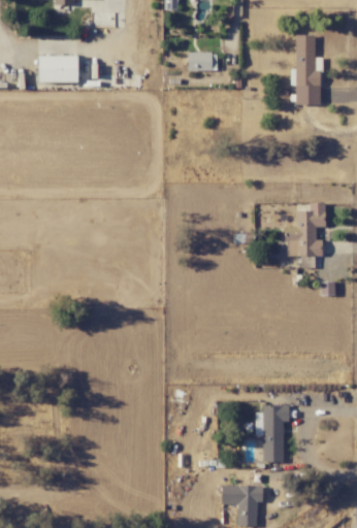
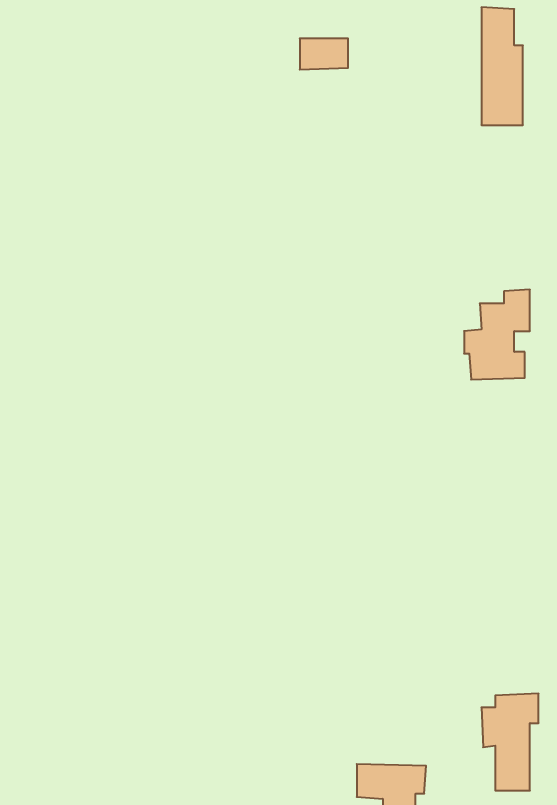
building: [38,56,77,84] -> none
building: [255,405,289,463] -> [481,694,539,791]

